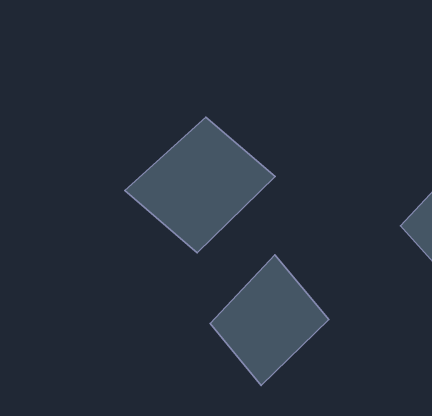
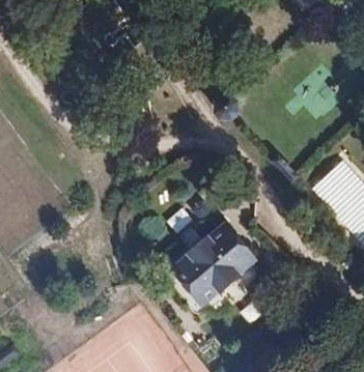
building: [125,117,275,253] -> none

